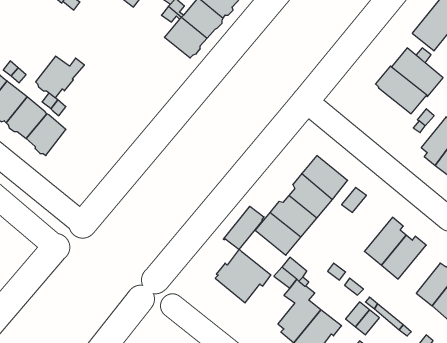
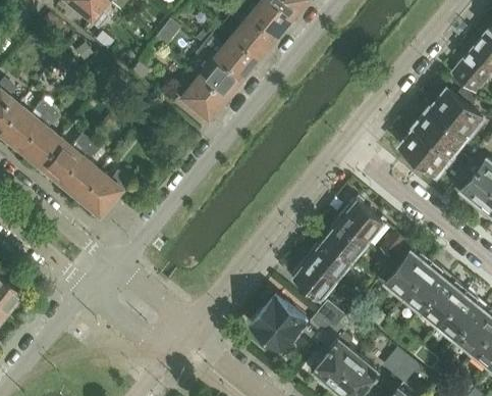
building: none -> [174,78,226,118]
building: [36,56,84,98] -> [78,172,128,215]
building: none -> [400,126,453,177]
building: [223,206,264,249] -> none
building: none -> [381,252,433,297]
building: none -> [439,291,482,340]

